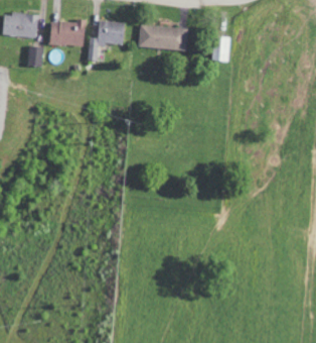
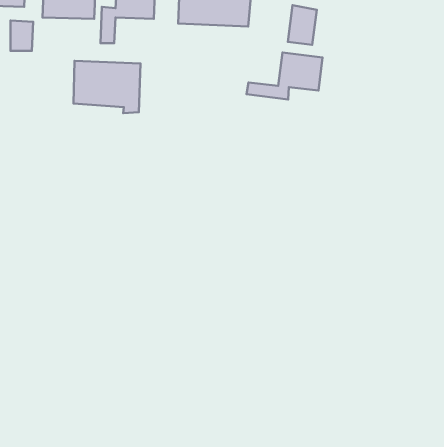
building: none -> [246,53,323,99]
building: none -> [73,61,140,113]

